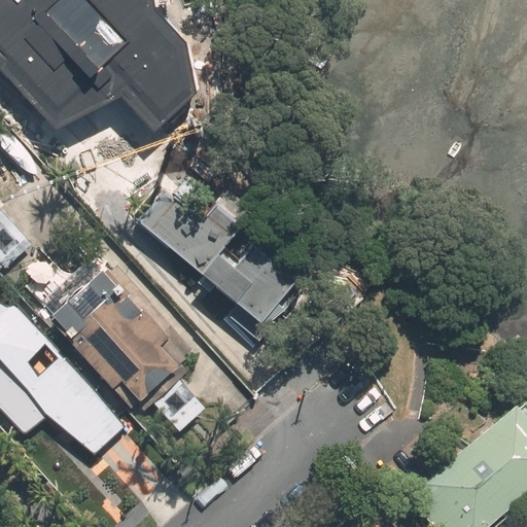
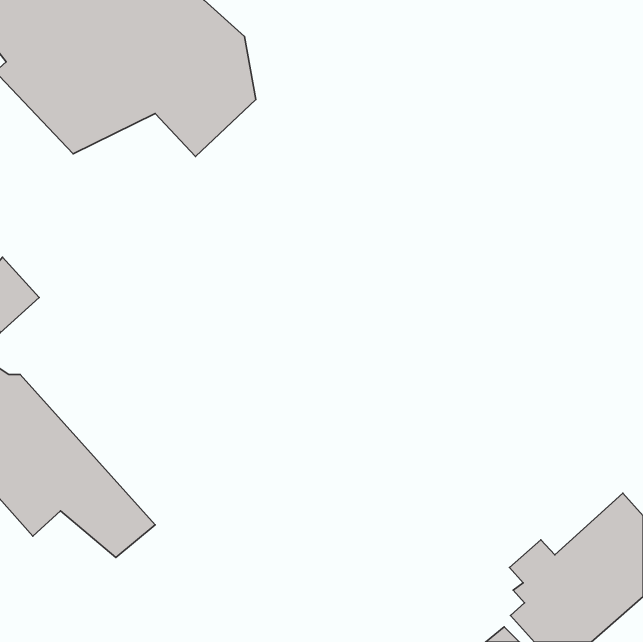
building: [134,187,307,338] -> none
building: [42,255,204,431] -> none

